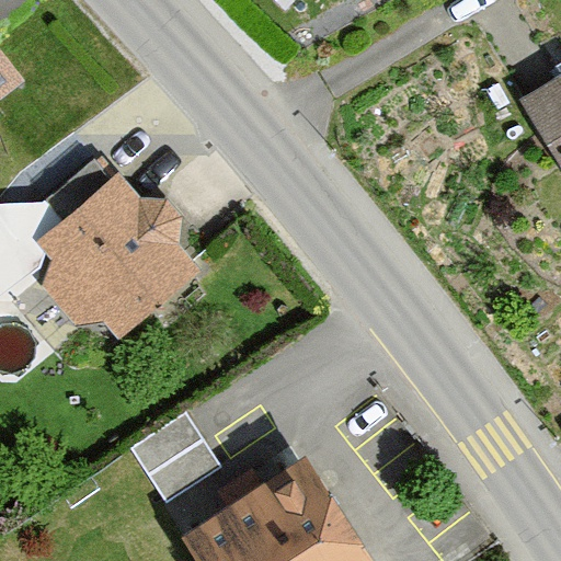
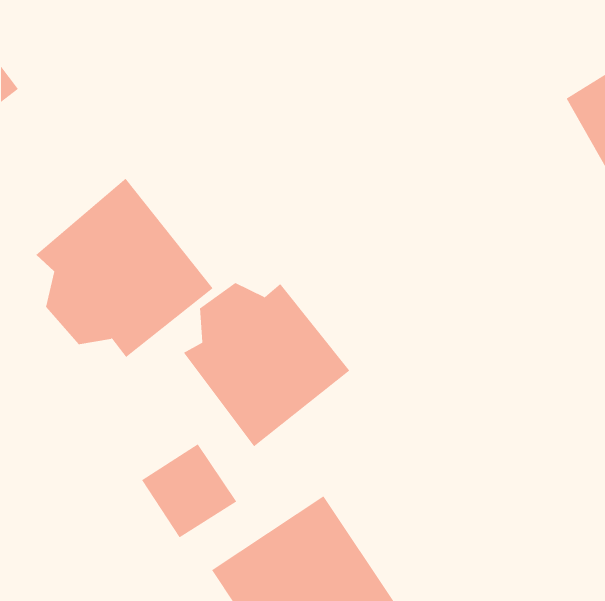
building: none -> [183,282,350,447]

